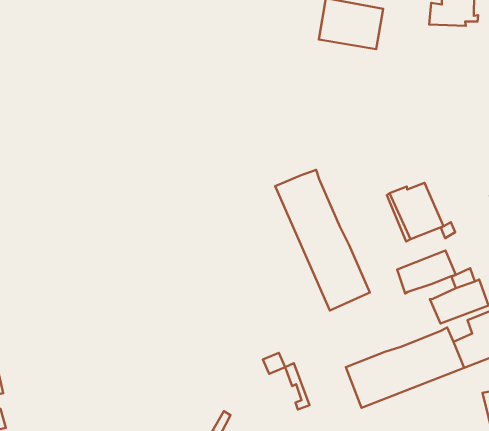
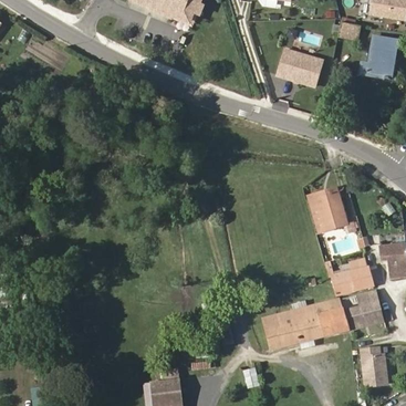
building: [275,170,370,310] -> none
building: [397,251,456,294] -> none

